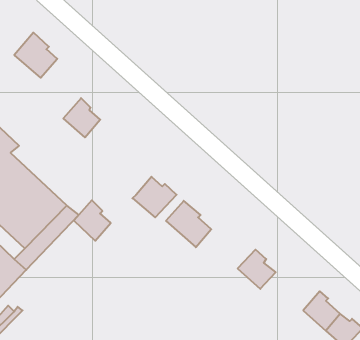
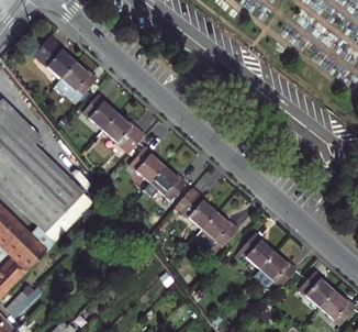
building: none -> [55,55,100,101]
building: none -> [98,111,141,151]
building: [74,200,111,241] -> [125,143,159,180]
building: none -> [200,212,236,245]
building: none -> [254,252,295,285]

